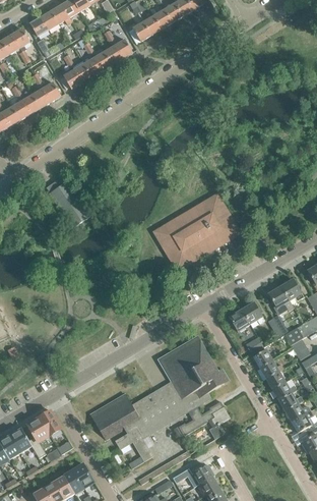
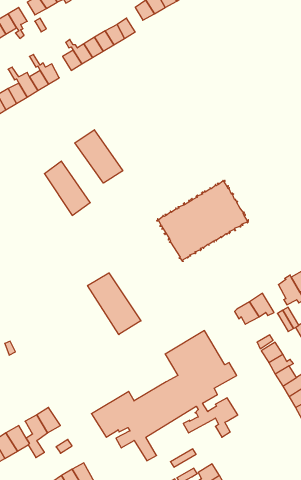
building: none -> [75,130,123,183]
building: none -> [88,273,141,335]

